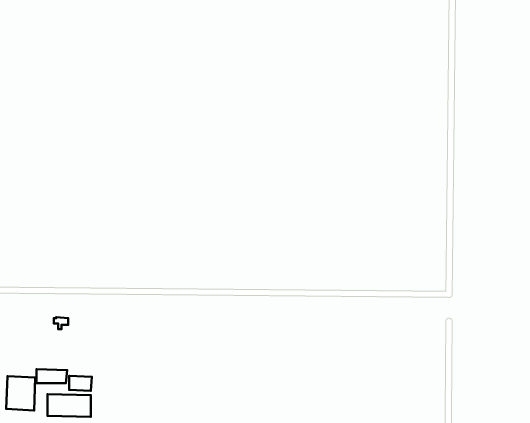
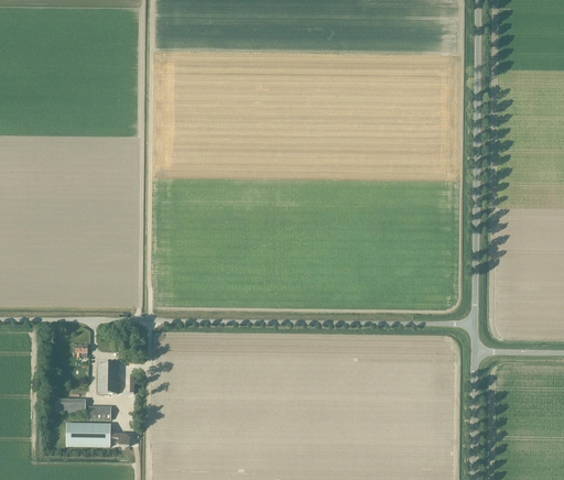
building: none -> [98,363,118,392]
building: [6,376,35,410] -> none

